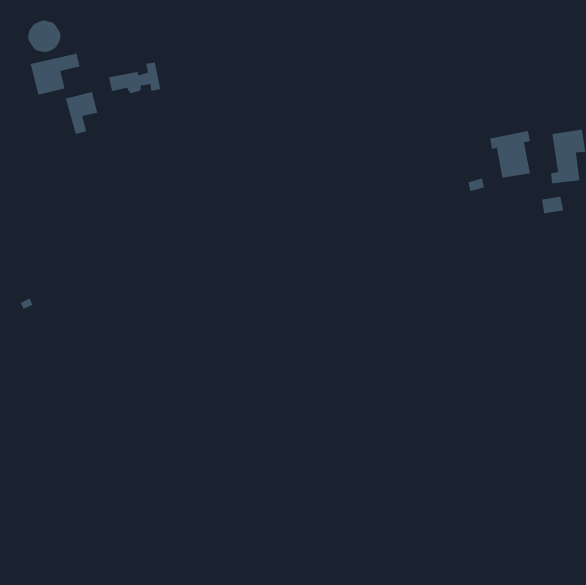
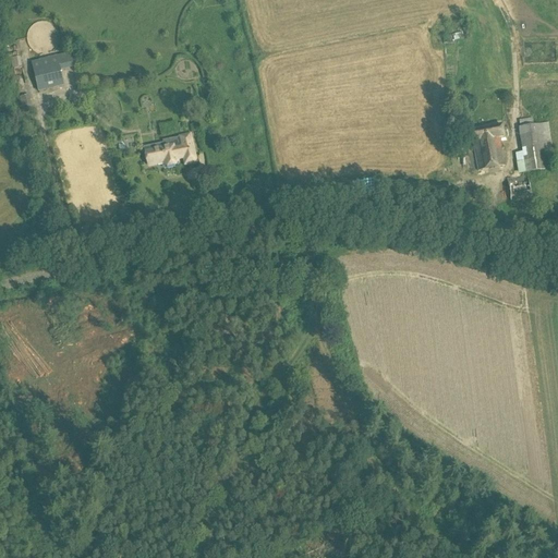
building: [108,62,161,94] -> [143,134,193,165]
building: [65,91,98,135] -> none

